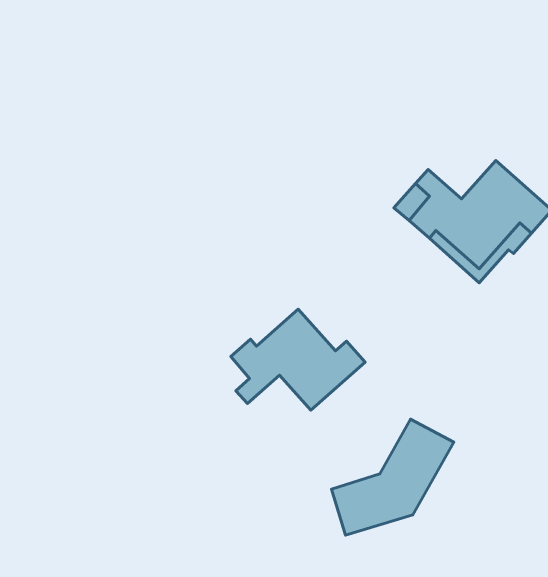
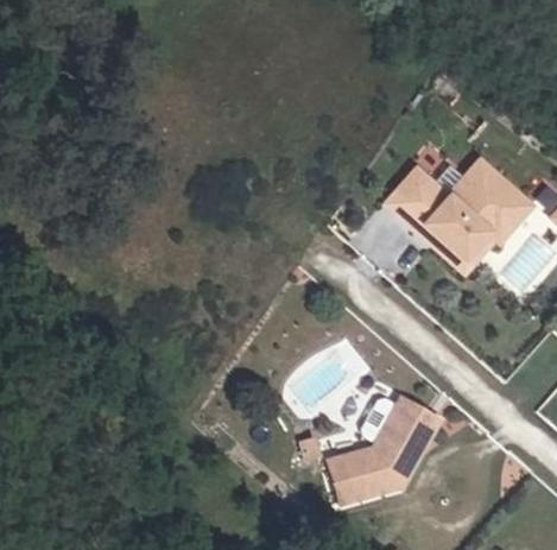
building: [231,309,365,410] -> none

